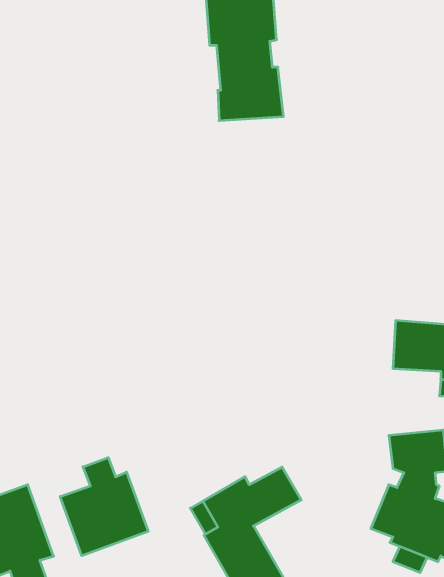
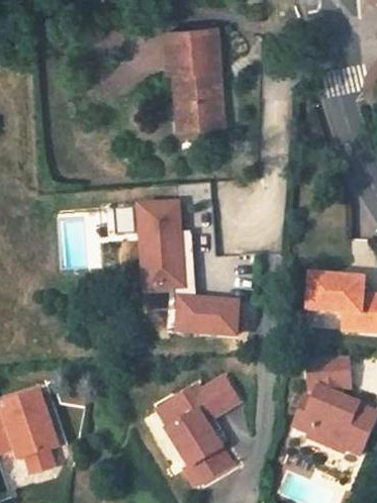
building: none -> [145,198,246,337]
building: [60,458,148,556] -> none

